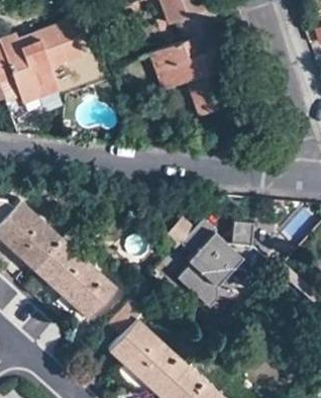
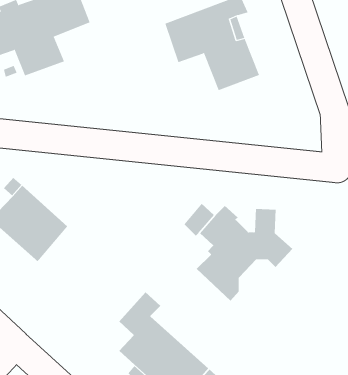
building: [35,238,116,318] -> none

